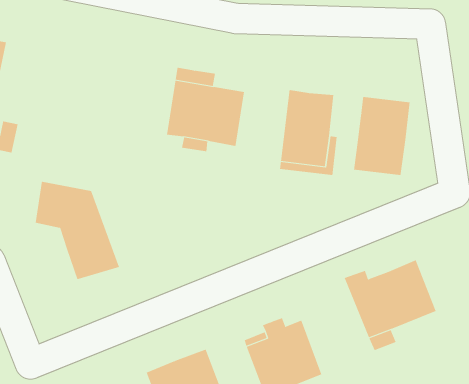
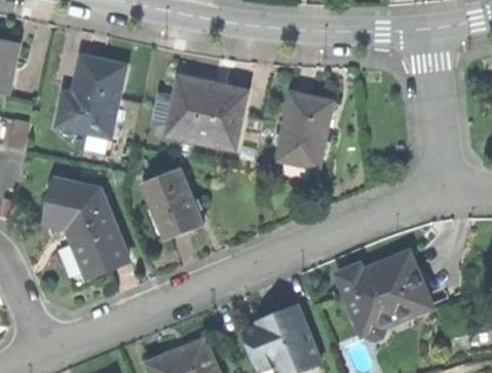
building: none -> [55,58,122,136]
building: [354,96,410,176] -> none
building: none -> [146,170,206,238]

